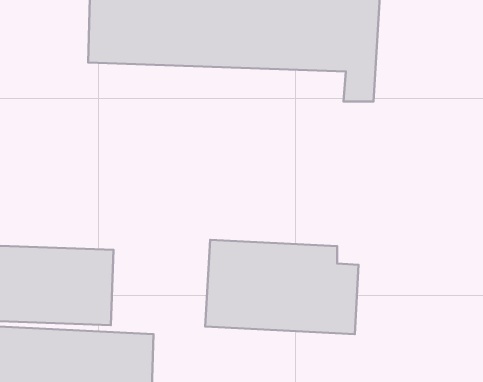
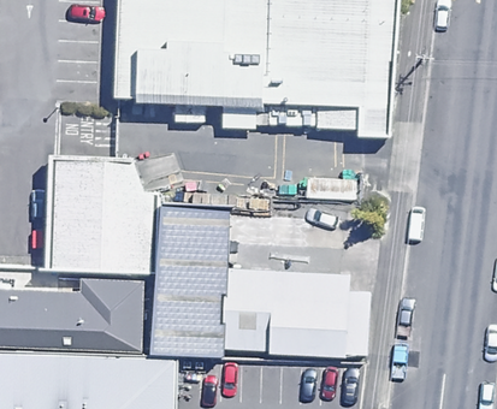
building: none -> [55,153,149,272]
building: none -> [153,207,232,358]

